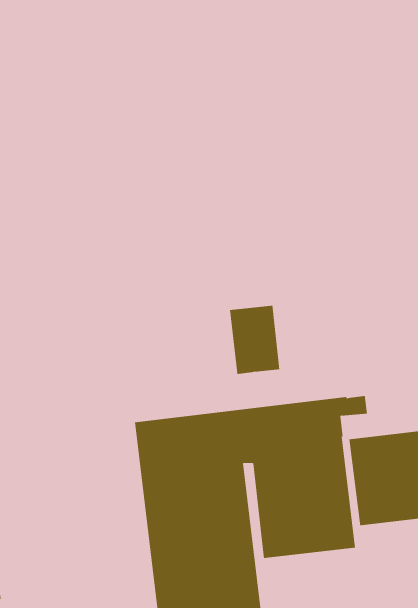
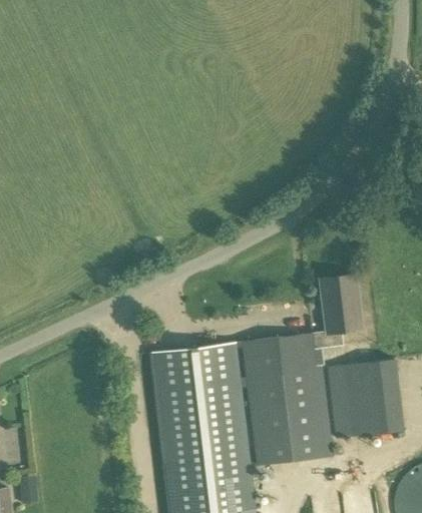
building: [229,305,280,374] -> [320,276,362,333]

